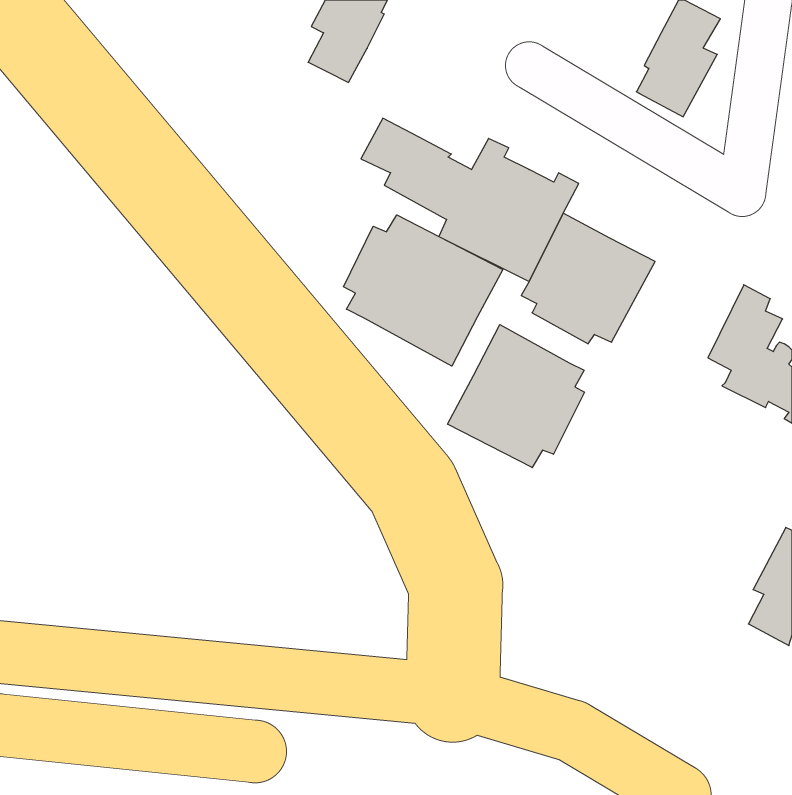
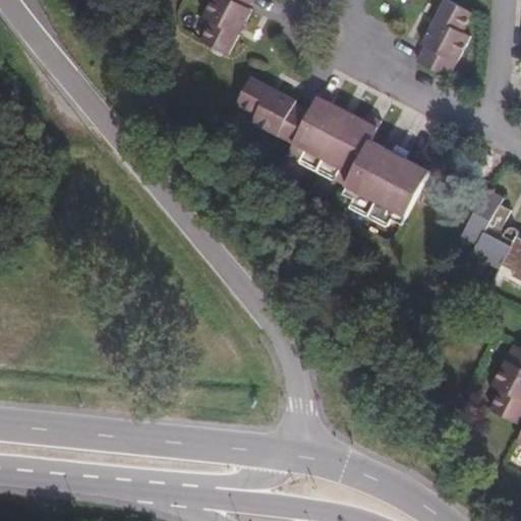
building: [344,215,503,366] -> none
building: [448,325,584,468] -> none

